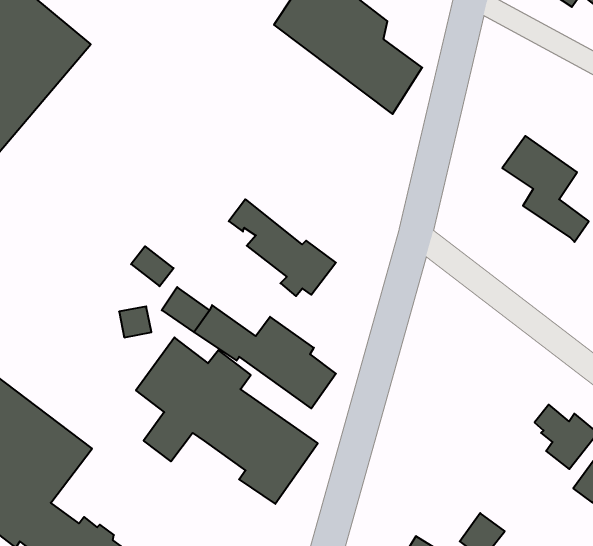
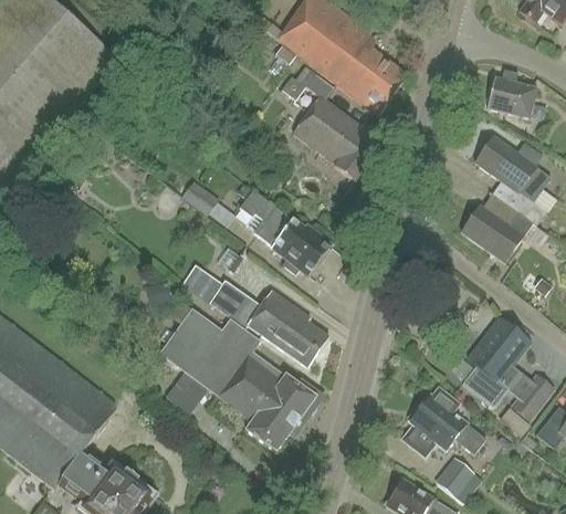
building: none -> [291,69,387,181]
building: none -> [485,69,533,116]
building: none -> [460,195,531,262]
building: [131,246,174,286] -> [181,180,218,214]
building: none -> [461,317,530,407]
building: none -> [399,385,484,459]

